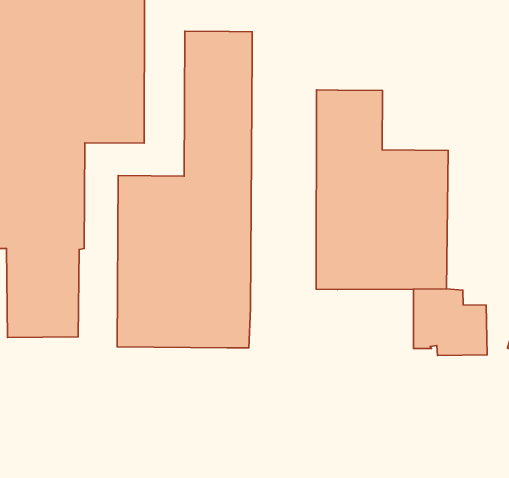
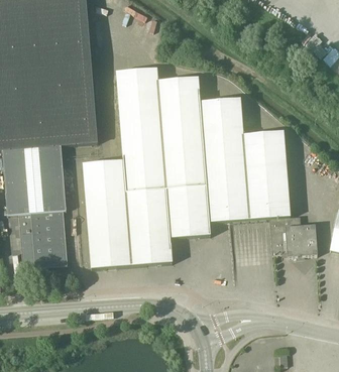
building: none -> [158,76,210,237]

